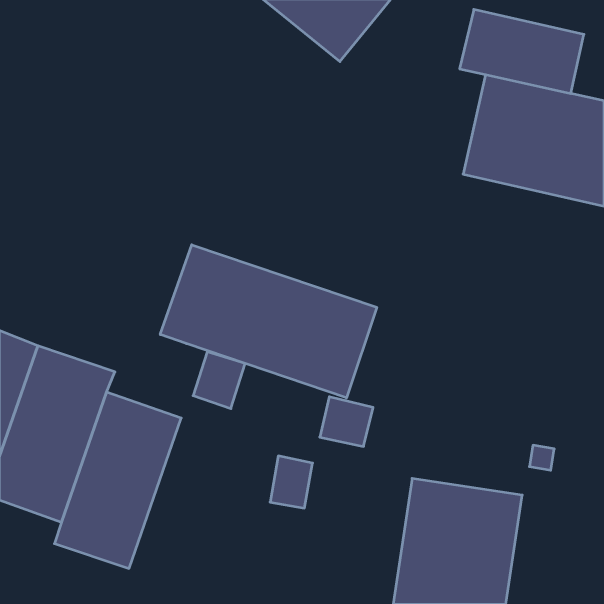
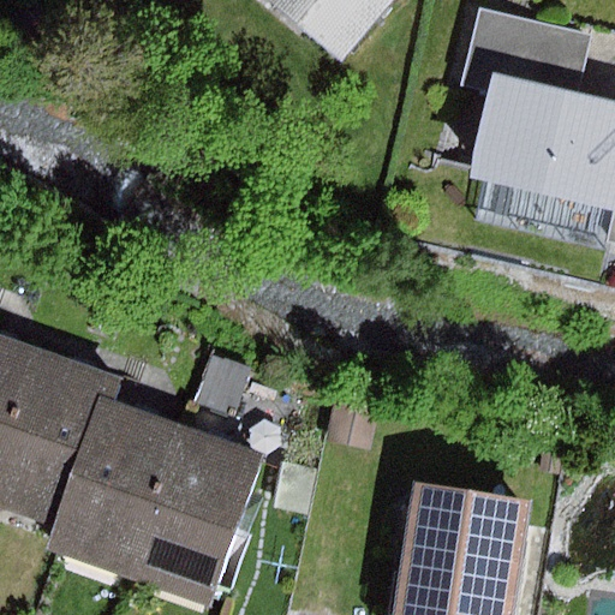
building: [160,245,377,398] -> none
building: none -> [131,424,261,603]

